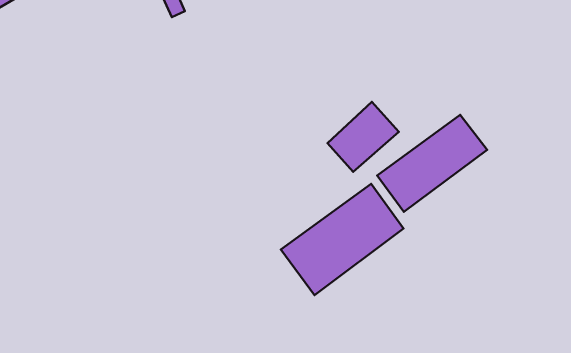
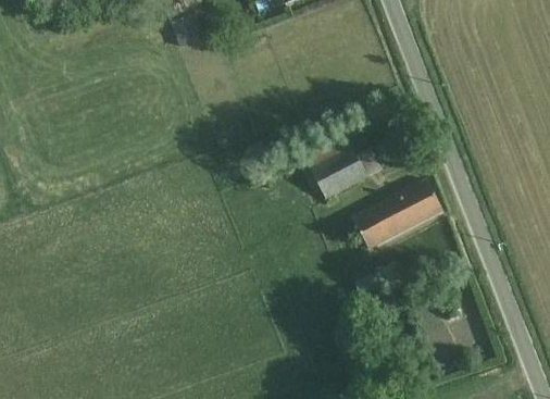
building: [281,184,404,295] -> none

